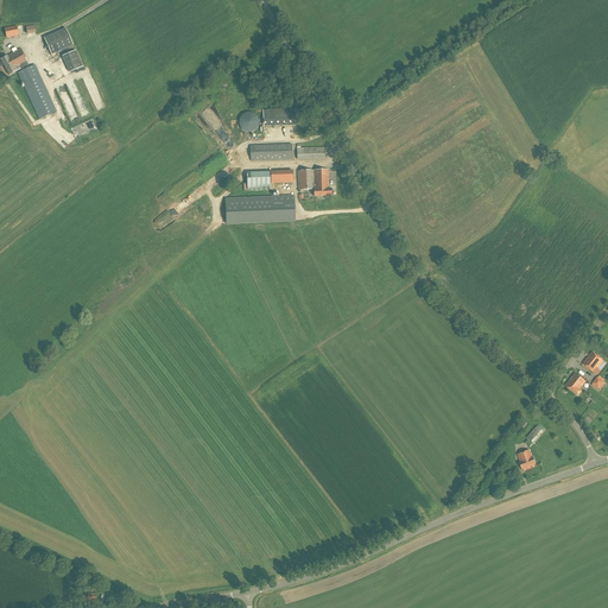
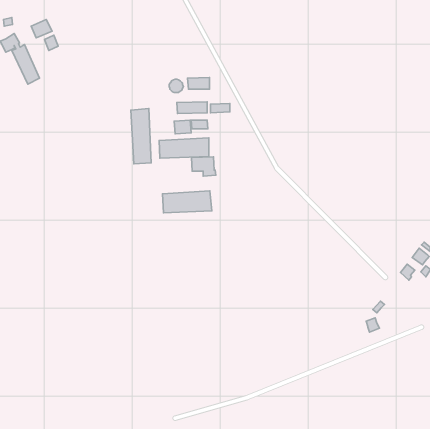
building: none -> [131,108,151,164]
building: [297,169,331,196] -> [191,157,216,176]
building: none -> [162,191,212,213]

